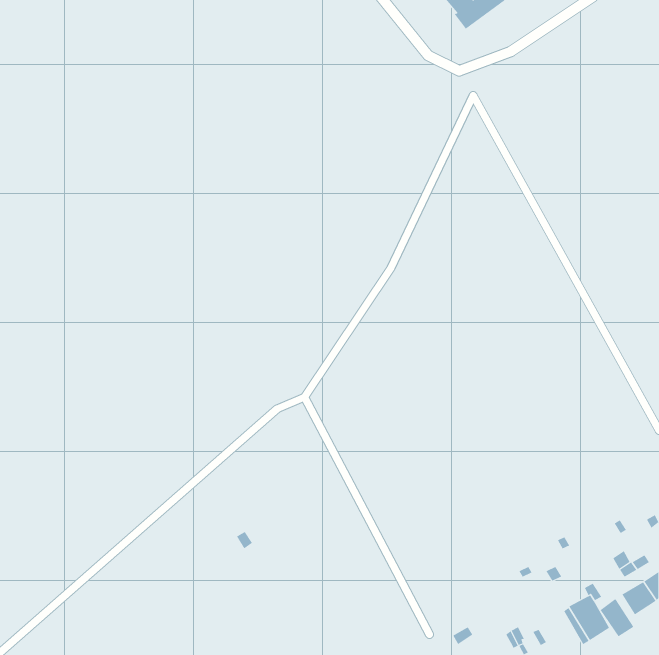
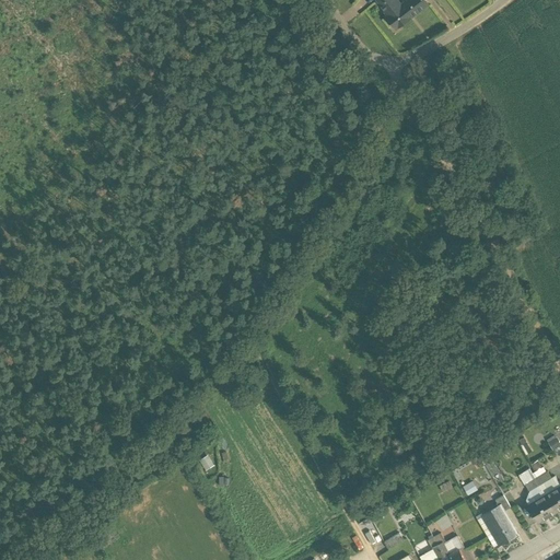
building: [600,598,634,637] -> none

